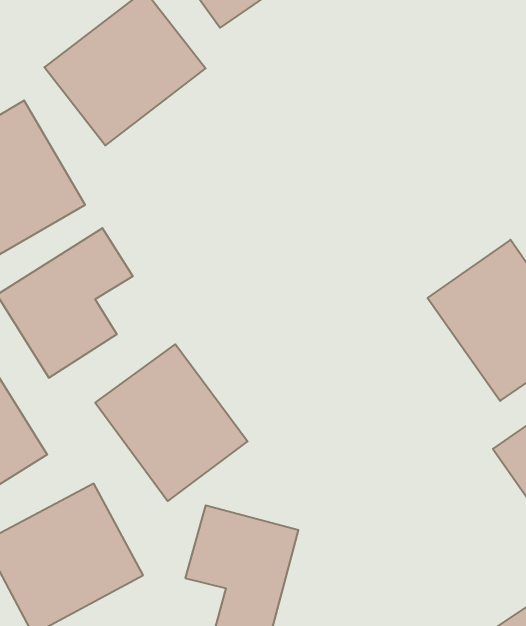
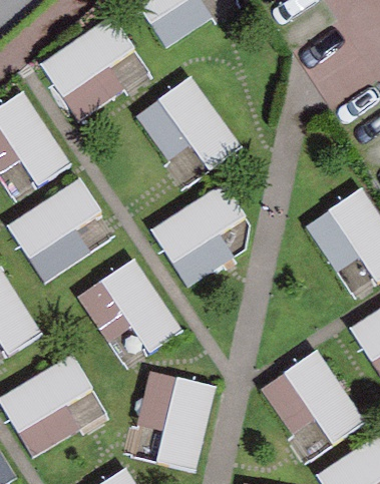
building: none -> [136,77,240,170]
building: none -> [150,183,248,287]
building: none -> [260,351,366,444]

